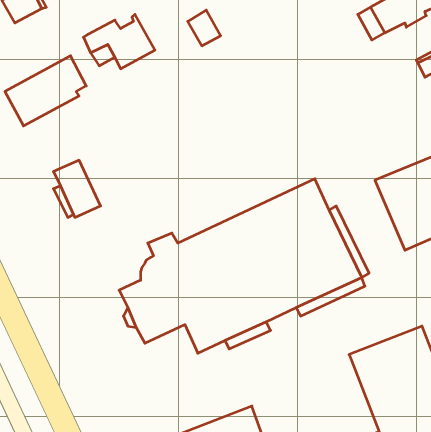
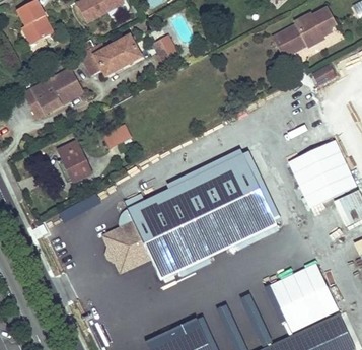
building: none -> [116,34,142,63]
building: none -> [104,122,133,146]

